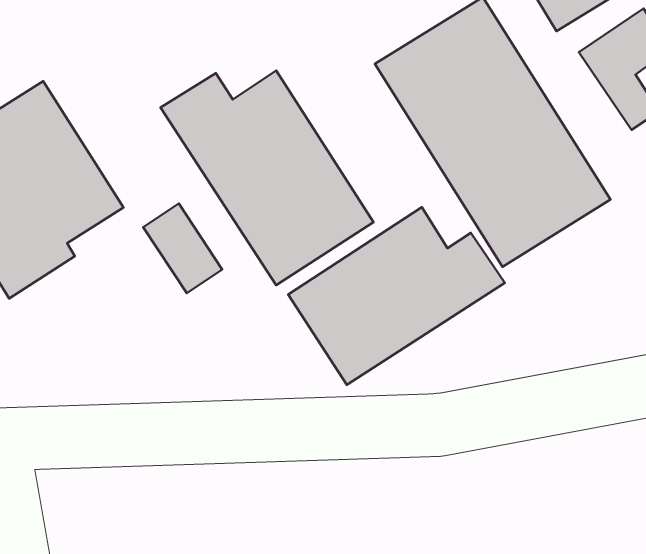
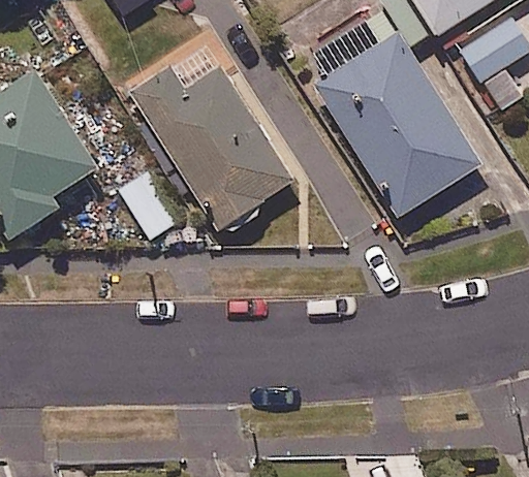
building: [288,207,505,385] -> none

